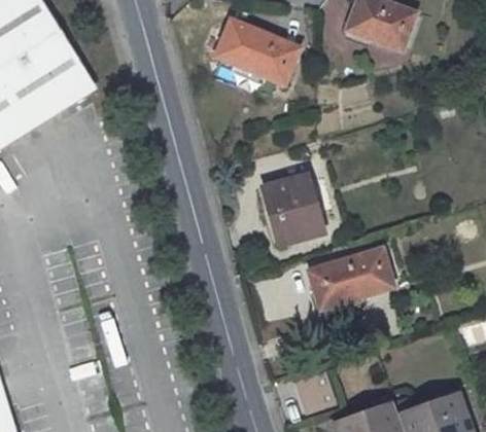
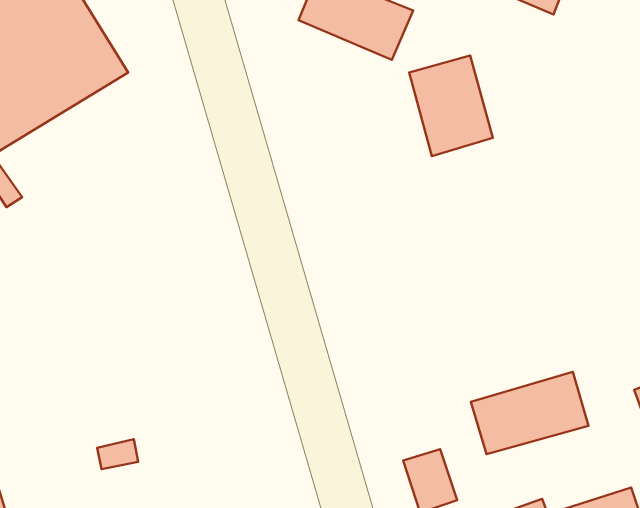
building: [264,172,324,245] -> [409,56,493,156]
building: [309,248,394,308] -> [471,372,588,454]

